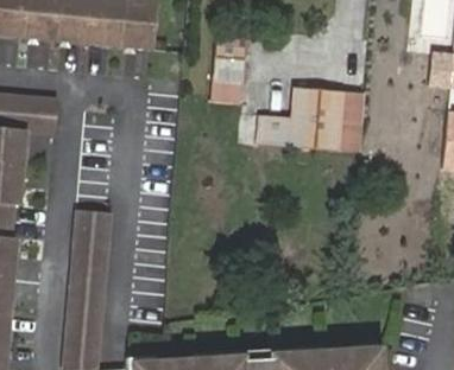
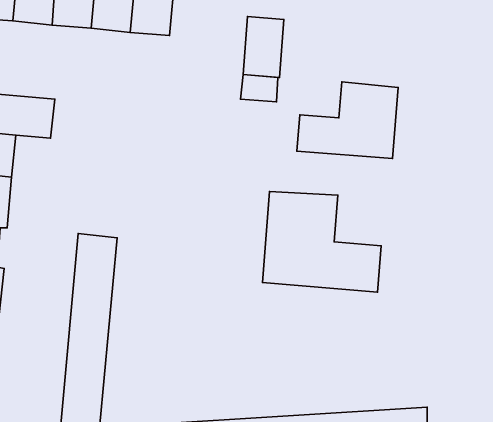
building: [335,90,364,151] -> none
building: none -> [262,191,381,292]

